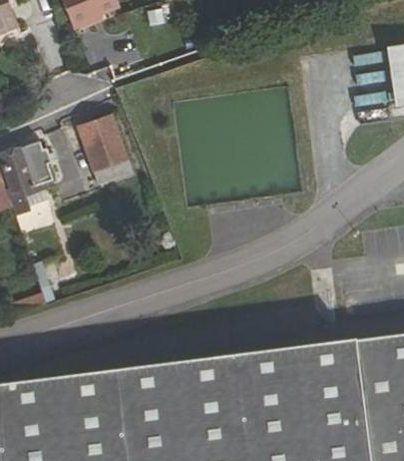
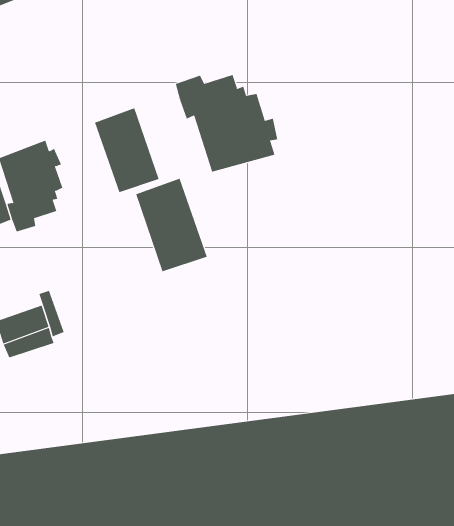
building: none -> [175,74,278,172]
building: none -> [135,178,207,272]

